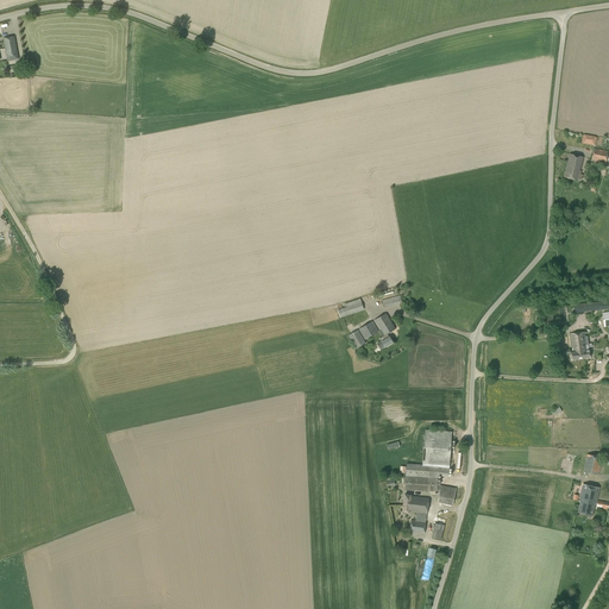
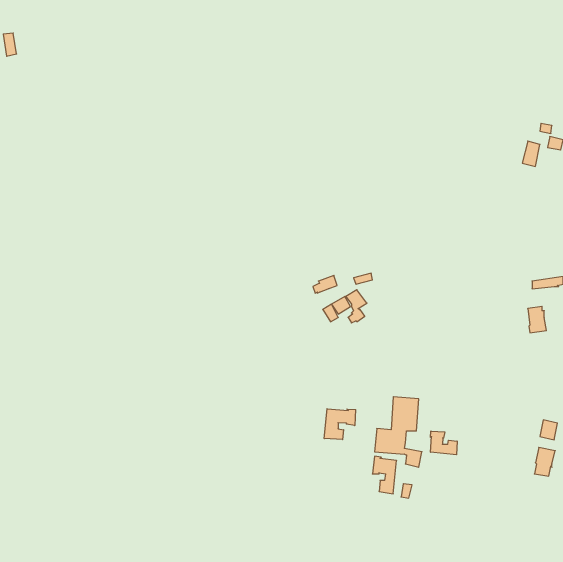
building: none -> [324,409,356,440]
building: none -> [431,431,457,455]

